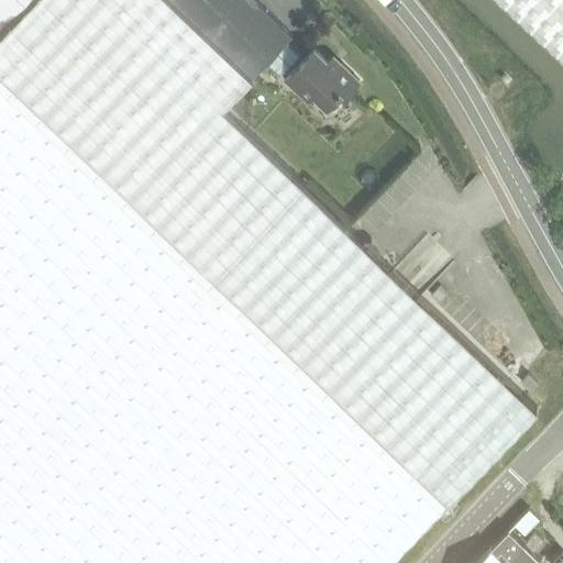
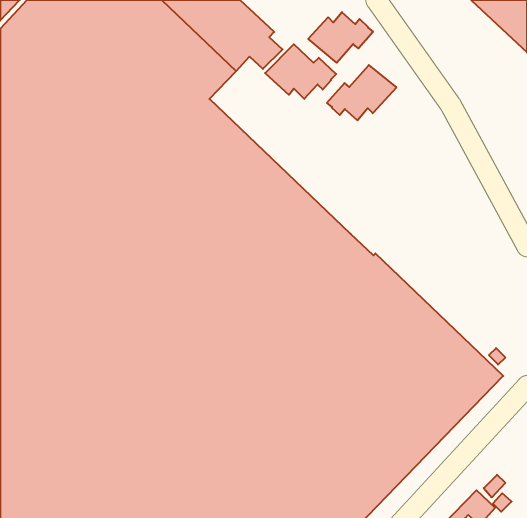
building: none -> [308,12,373,63]
building: none -> [327,65,396,120]

